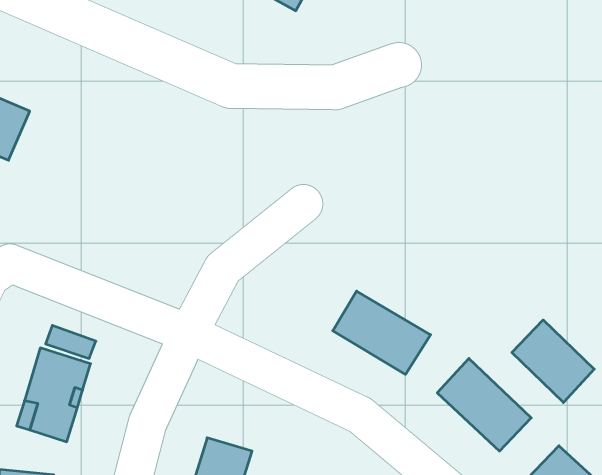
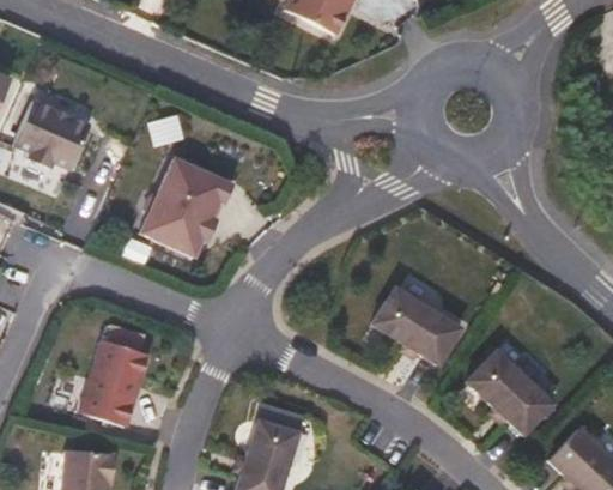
building: none -> [142,158,235,256]
building: [512,320,594,403] -> none

